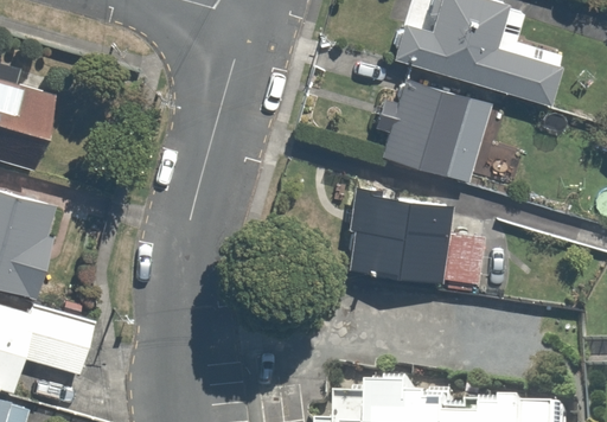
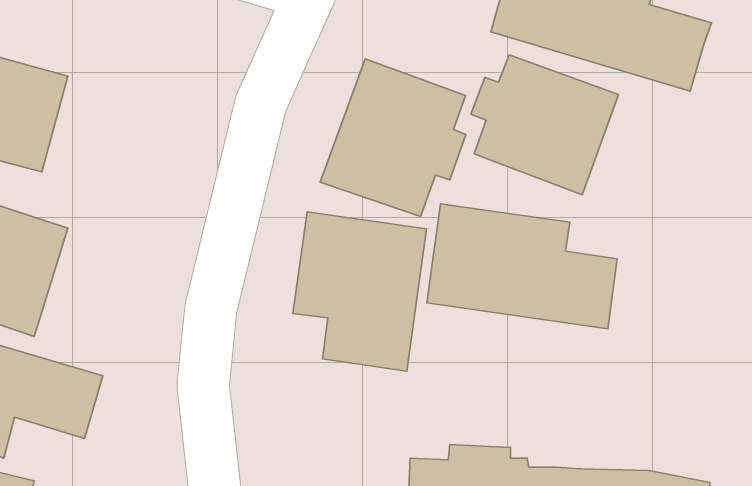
building: none -> [320,59,466,216]
building: none -> [293,212,426,371]

